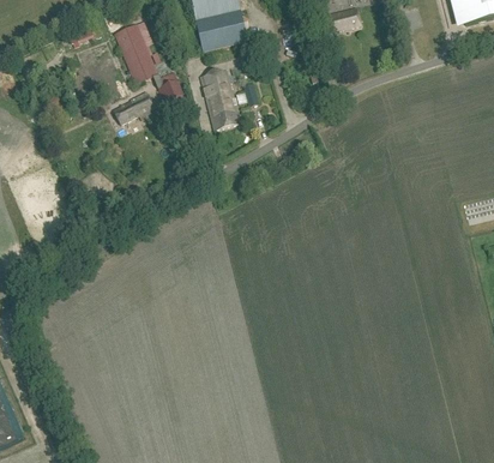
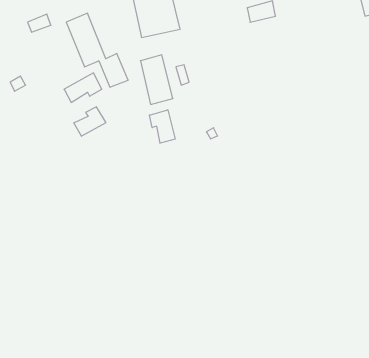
building: none -> [74,107,106,136]
building: none -> [149,110,175,143]

